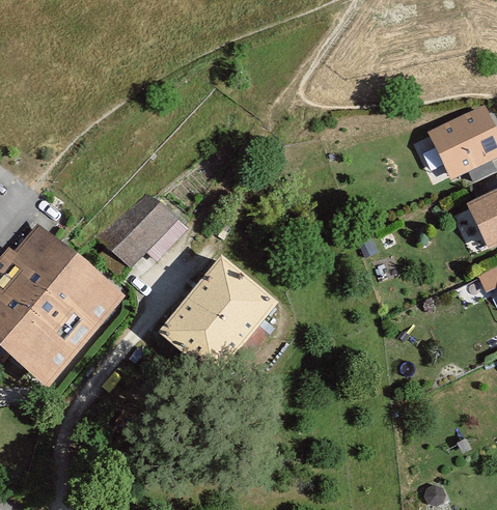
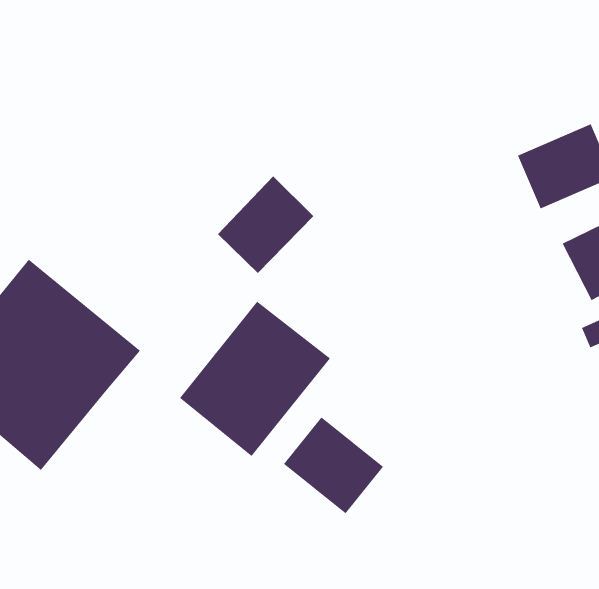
building: [107,182,186,262] -> [217,175,314,274]
building: none -> [283,417,384,514]

